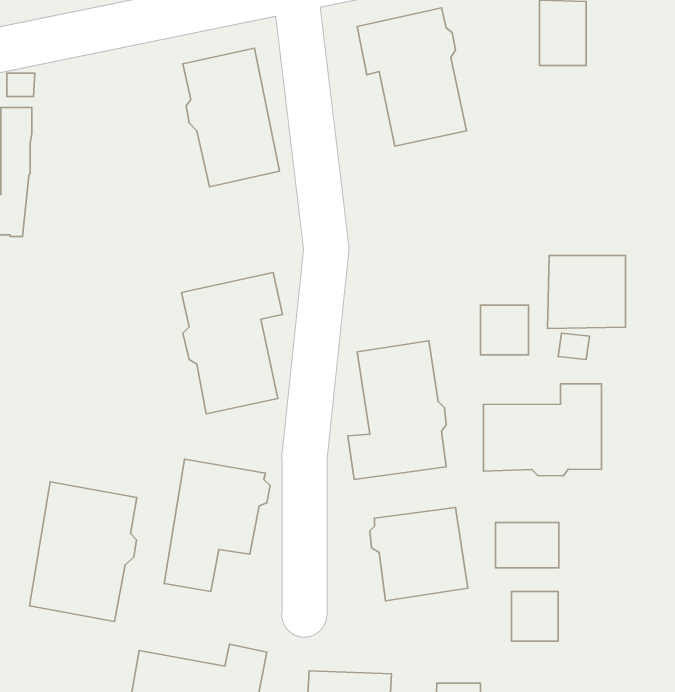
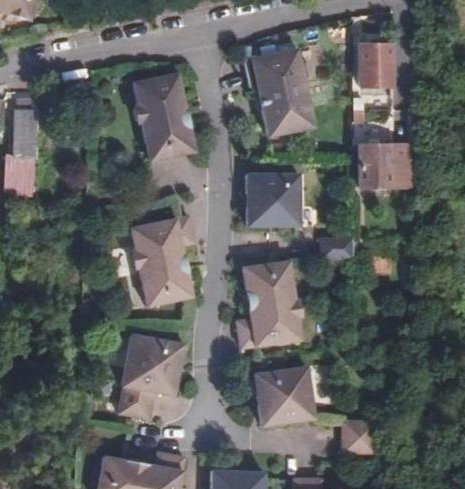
building: none -> [246,173,300,226]
building: [548,255,625,329] -> [359,138,409,185]
building: [483,384,601,476] -> none
building: [29,482,137,621] -> none
building: [496,522,559,568] -> none

